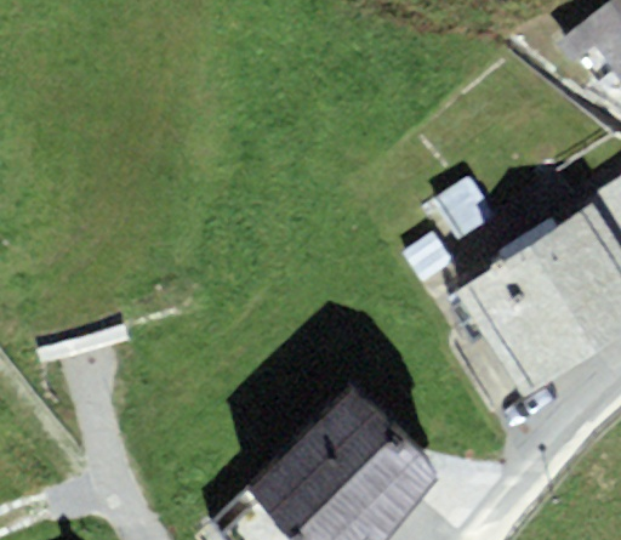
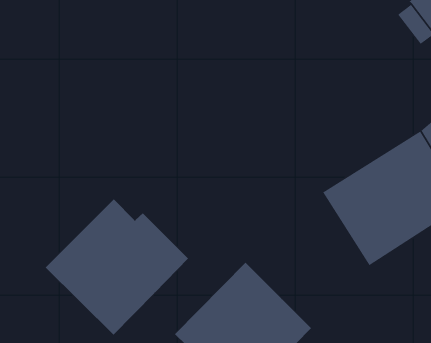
building: none -> [45,198,189,336]

